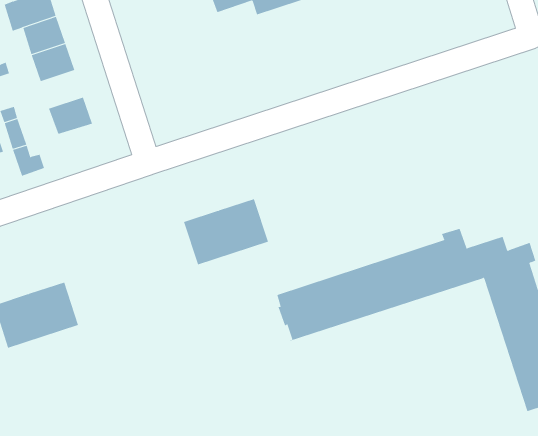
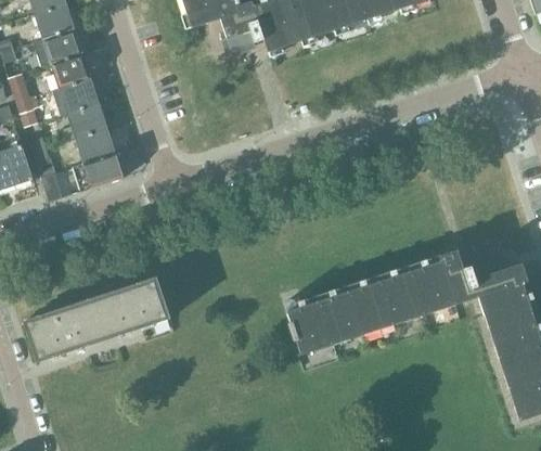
building: none -> [67,102,107,138]
building: none -> [83,152,124,186]
building: [183,199,269,265] -> [90,276,169,338]

